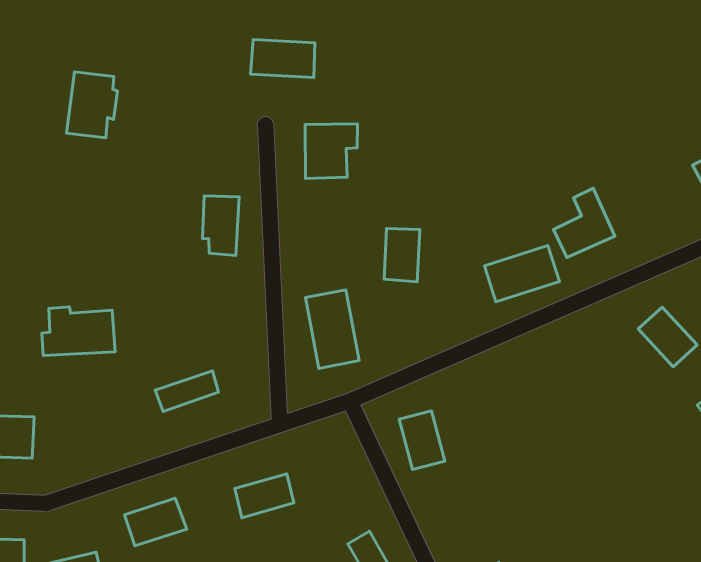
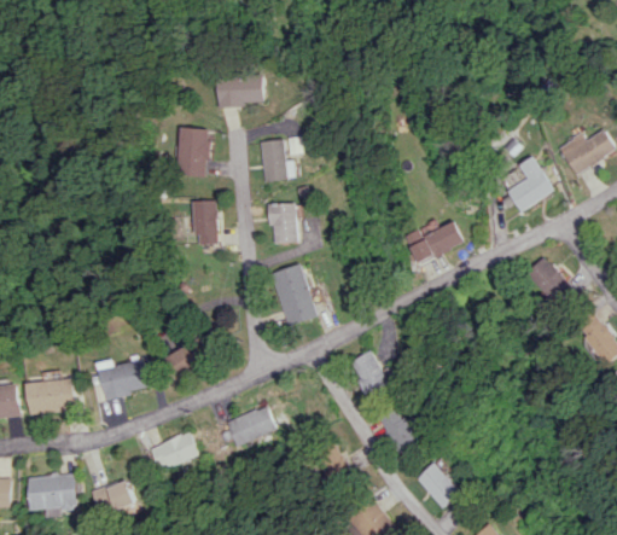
building: [66,72,117,138] -> [173,128,209,176]
building: [553,188,615,258] -> [507,157,554,211]
building: [384,229,420,282] -> [272,204,298,244]
building: [42,307,115,356] -> [91,361,147,400]
building: none -> [376,406,420,457]

